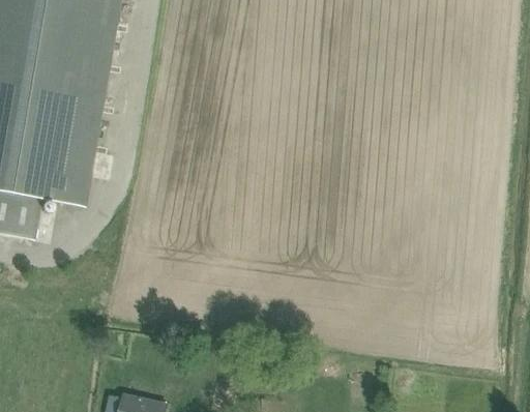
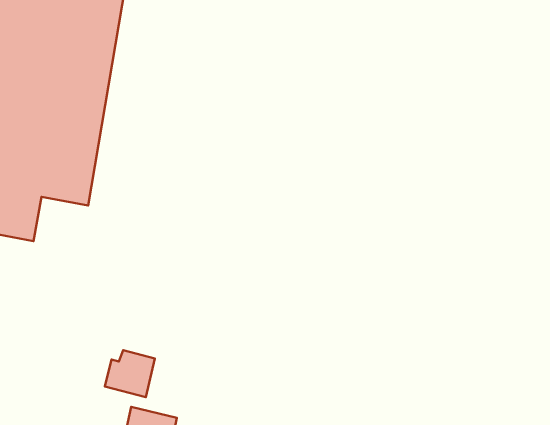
building: none -> [105,350,155,397]

